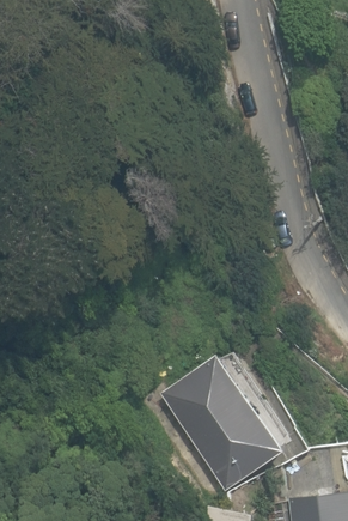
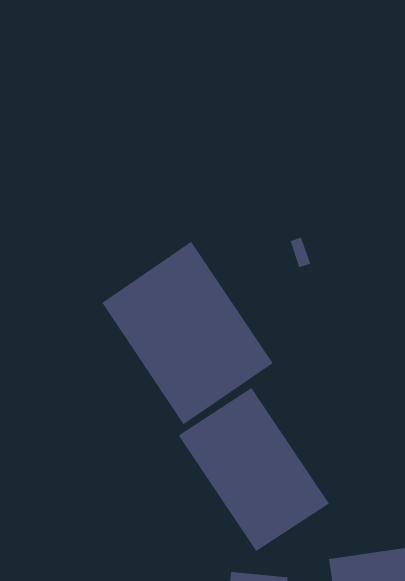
building: none -> [101,241,273,425]

